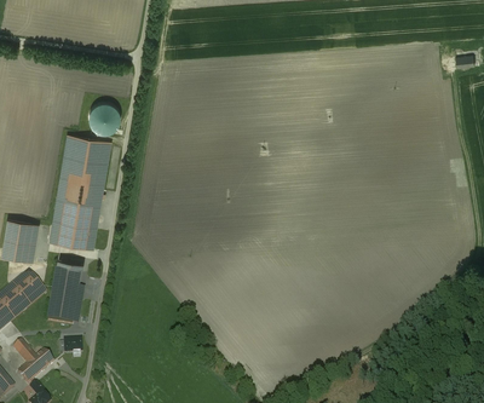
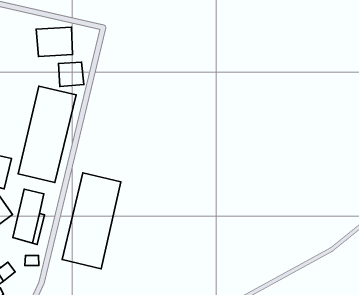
building: none -> [36,27,73,57]
building: none -> [62,173,121,269]

